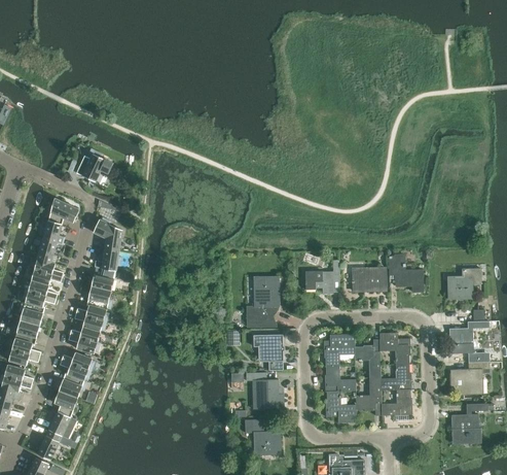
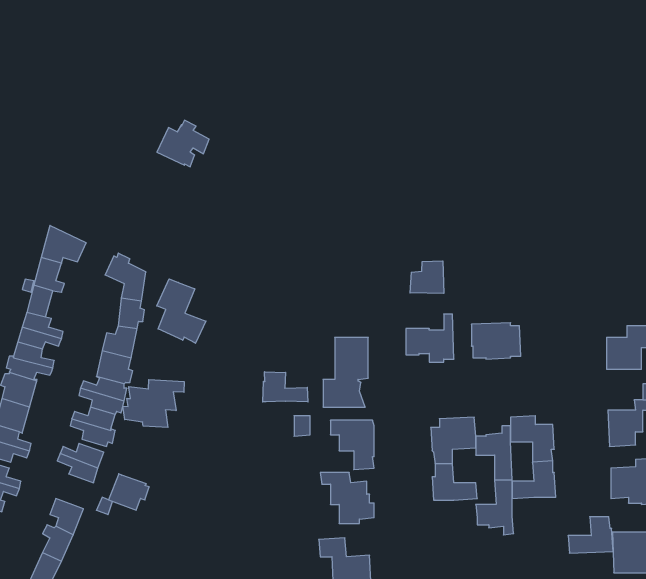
building: [75,149,112,182] -> [157,120,209,167]
building: none -> [410,261,444,293]
building: none -> [157,279,206,343]
building: [389,253,423,291] -> none
building: none -> [263,372,308,402]
building: none -> [123,380,184,427]
building: [58,372,86,398] -> [109,474,149,510]
building: [381,389,412,415] -> [568,517,613,553]
building: [325,392,356,422] -> none

